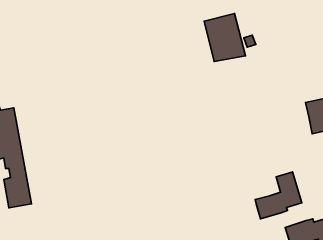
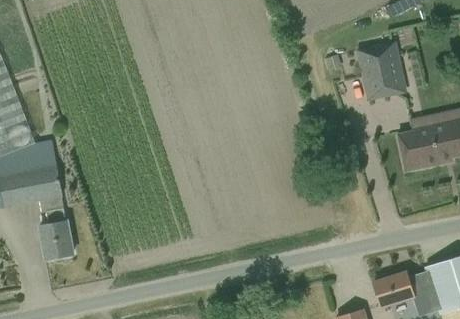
building: [204,14,245,62] -> [356,41,405,98]
building: [255,172,302,219] -> none

